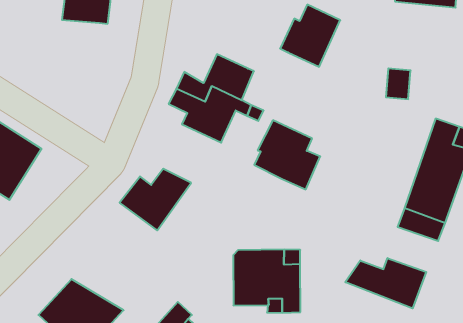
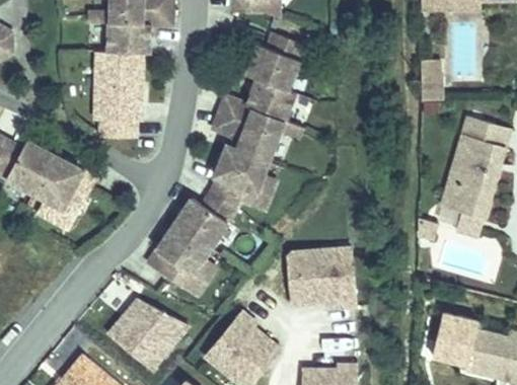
building: [280,5,340,67] -> [247,26,302,84]
building: none -> [97,53,142,138]
building: [254,120,320,189] -> [214,142,276,205]
building: none -> [149,221,219,295]
building: [345,258,426,308] -> none

